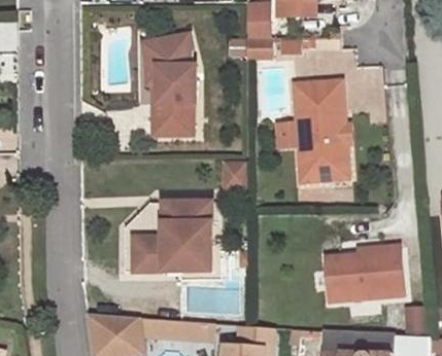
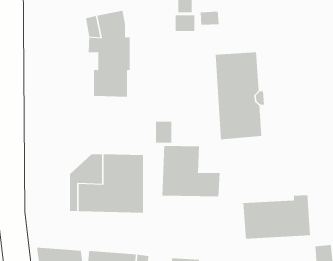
building: none -> [162,145,220,197]

